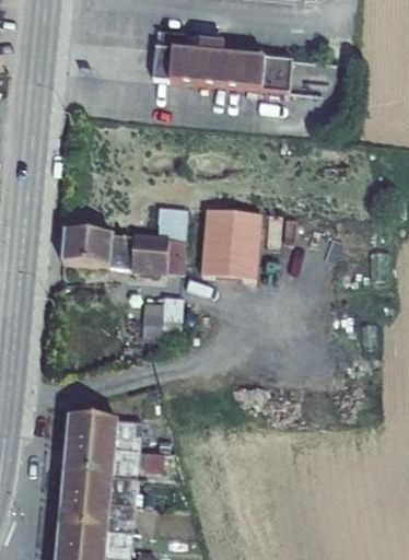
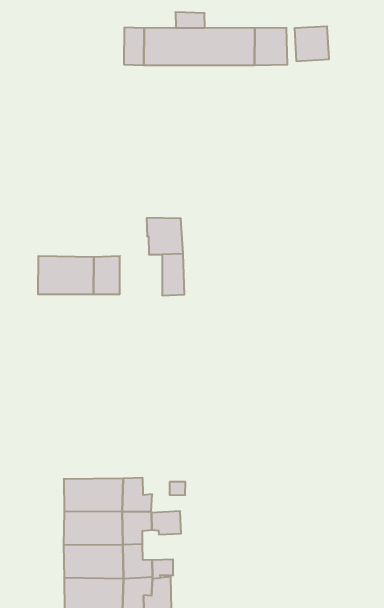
building: [201,210,262,281] -> none
building: [131,234,170,271] -> none
building: [142,294,184,337] -> none

